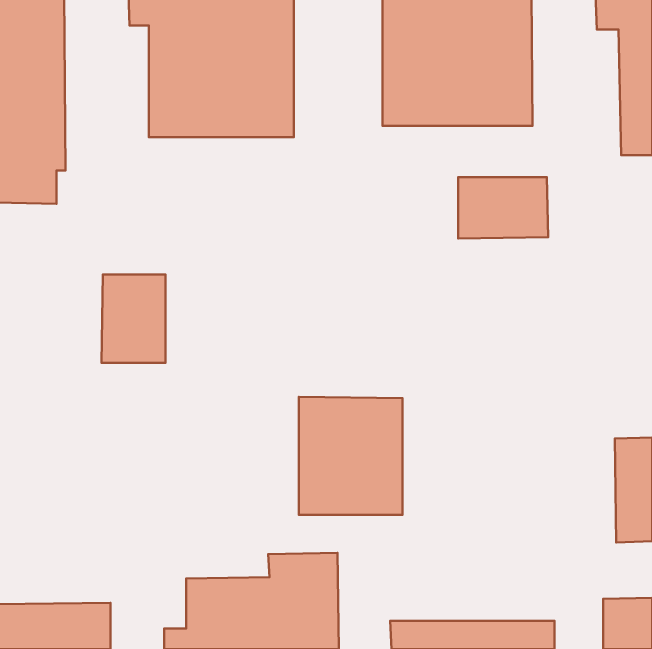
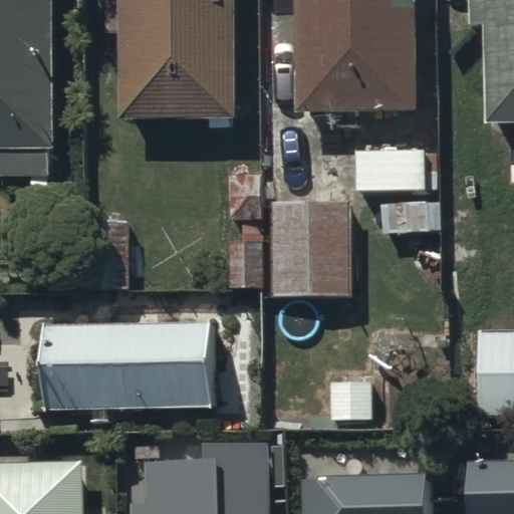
building: [299,397,403,515] -> [269,211,350,303]
building: none -> [43,324,215,420]

